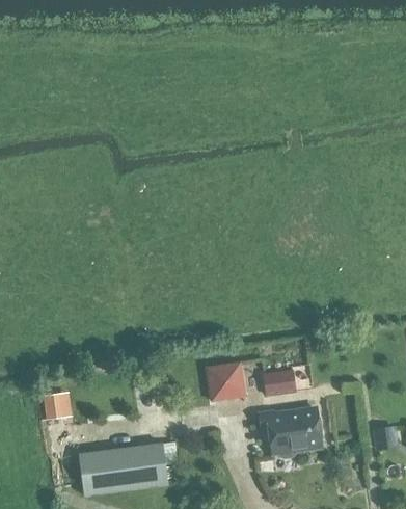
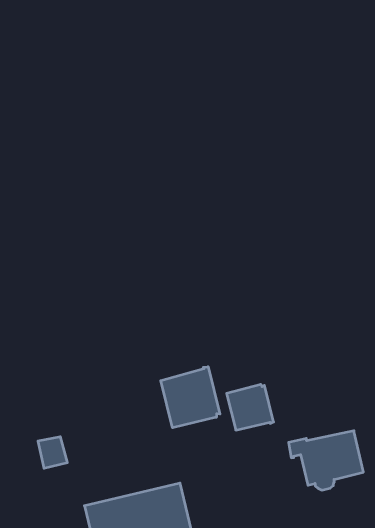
building: none -> [161,367,220,428]
building: [264,371,297,396] -> none

